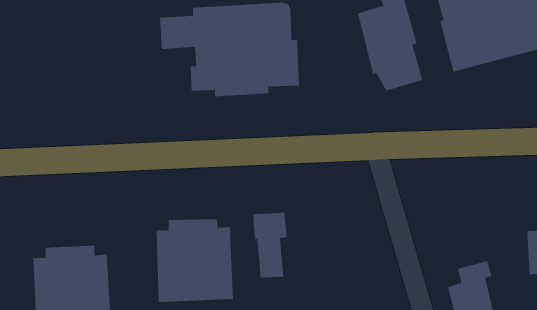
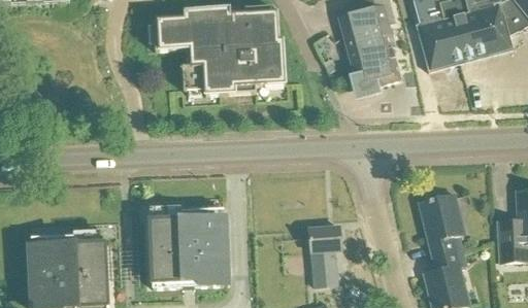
building: none -> [419,194,465,255]
building: [252,212,287,278] -> [308,225,341,286]

